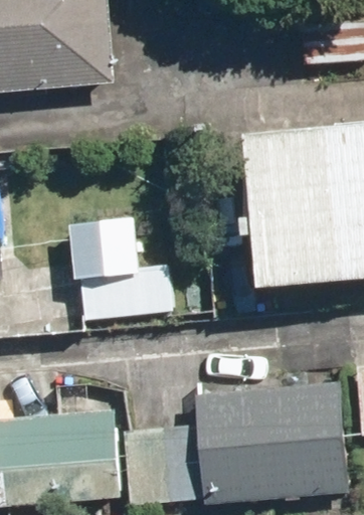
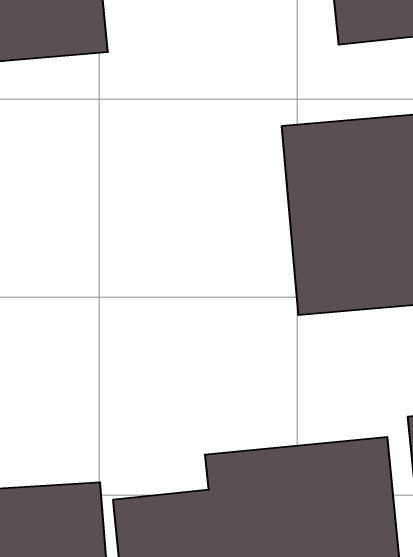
building: [71,217,171,322] -> none

